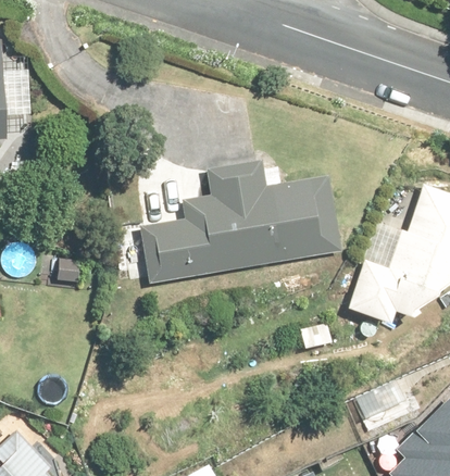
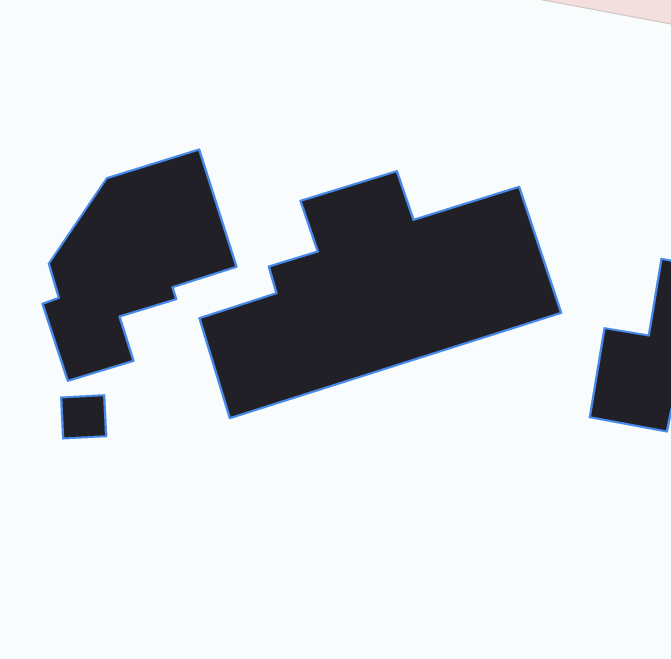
building: none -> [43,149,236,381]

